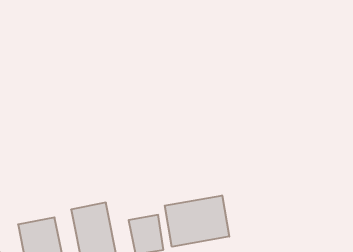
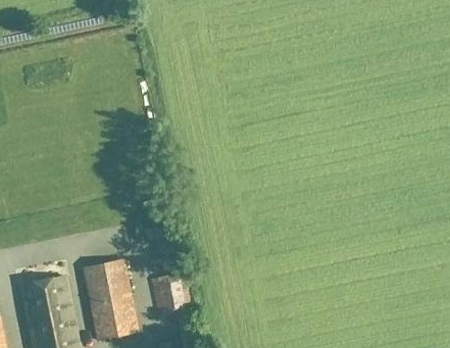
building: [165,195,229,247] -> none

